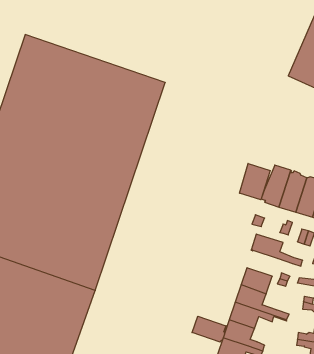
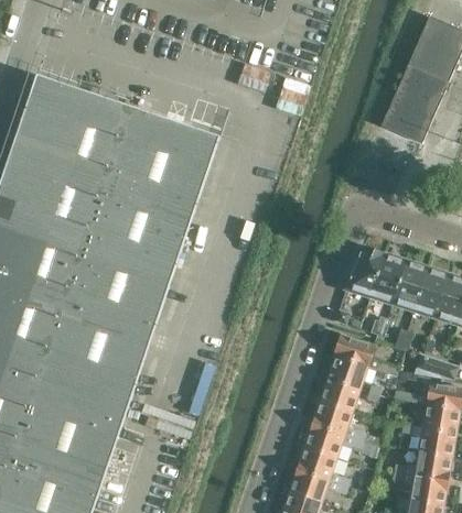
building: [240,163,270,200] -> none
building: none -> [326,356,367,390]
building: [192,316,226,342] -> none

